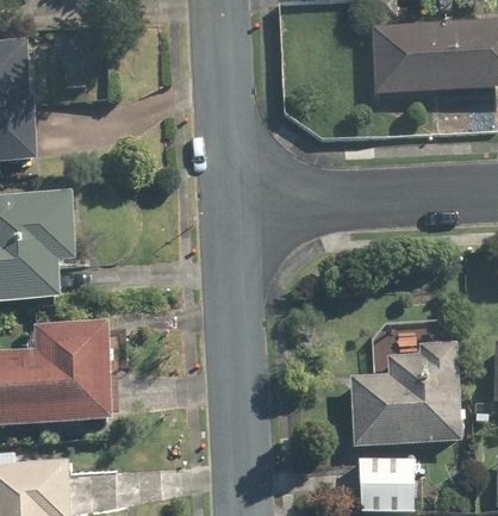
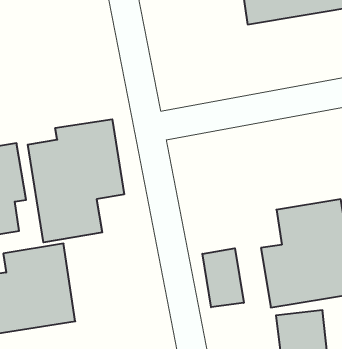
building: none -> [28,119,124,242]
building: none -> [202,248,244,307]

